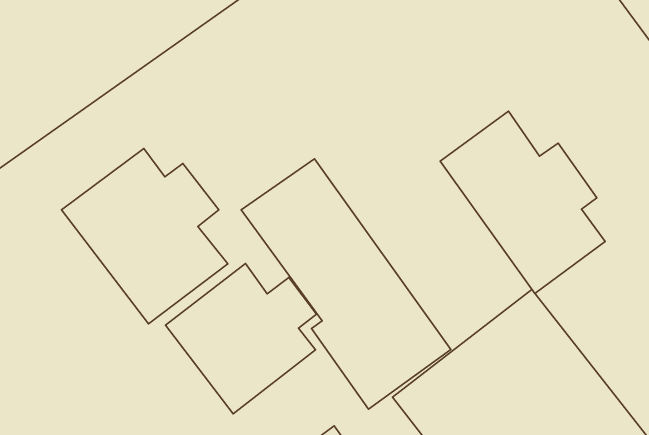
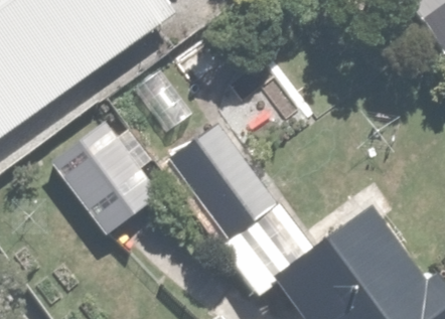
building: [440,111,605,293] -> none
building: [165,263,316,414] -> none

